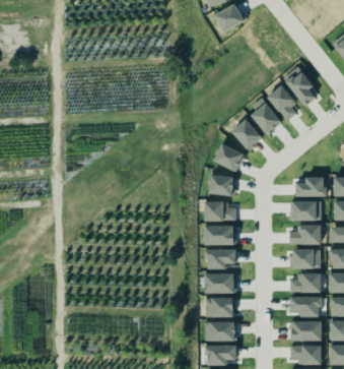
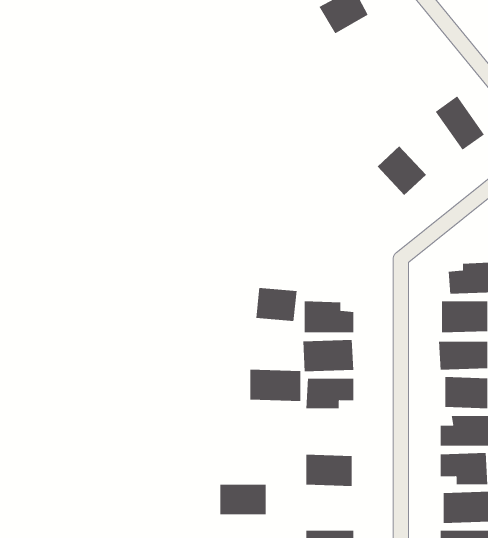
building: [267,85,299,121] -> none
building: [231,119,262,149] -> none
building: [213,143,244,172] -> none
building: [208,174,234,195] -> [255,287,297,321]
building: [203,272,235,293] -> [249,369,301,401]
building: [206,321,235,341] -> [220,484,266,515]

